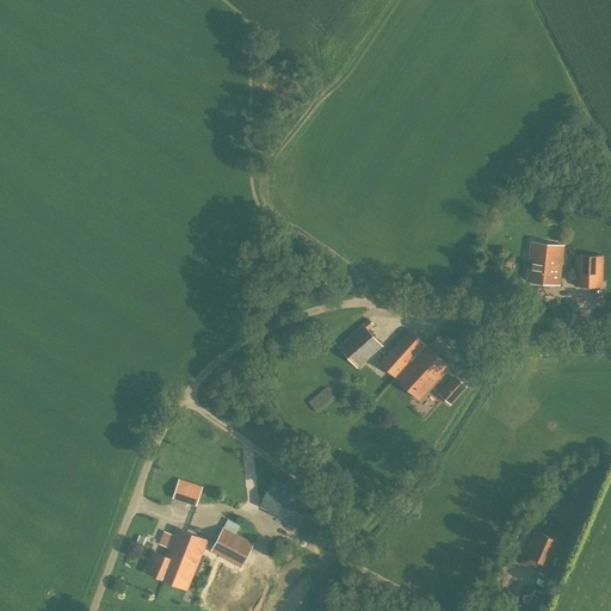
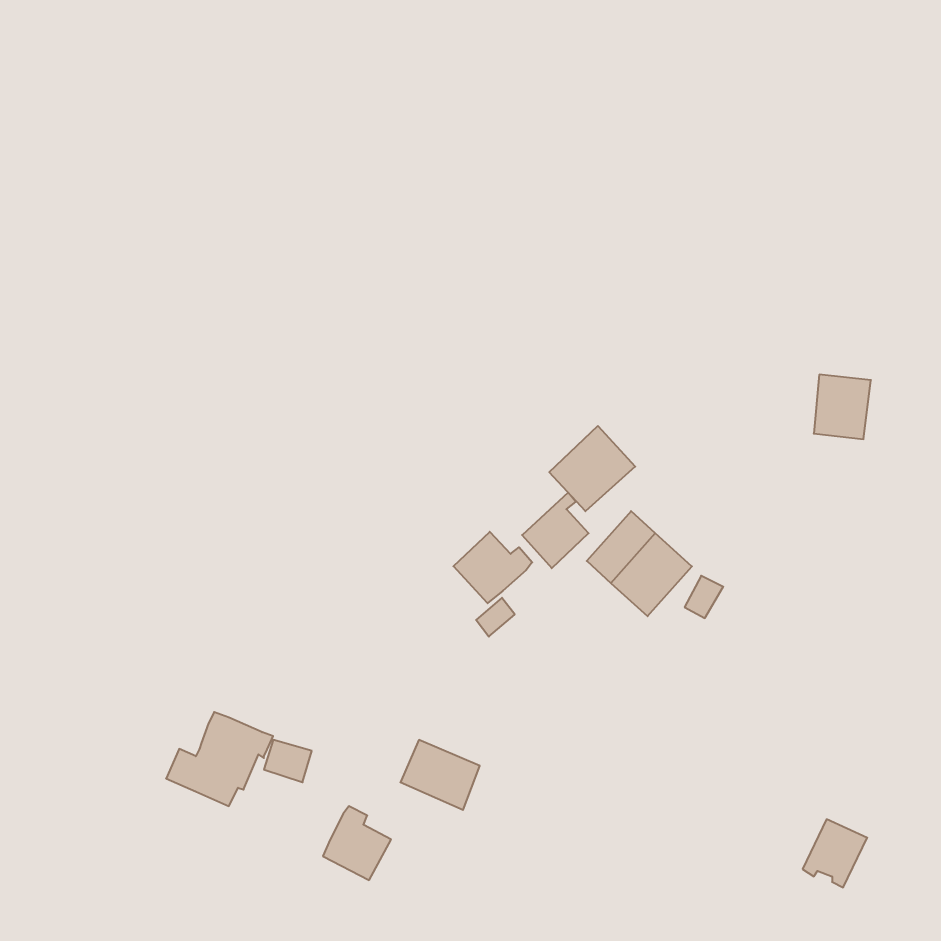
building: [574,257,601,288] -> none
building: none -> [549,426,635,511]
building: none -> [453,532,532,603]
building: [144,529,214,590] -> [166,712,273,806]

